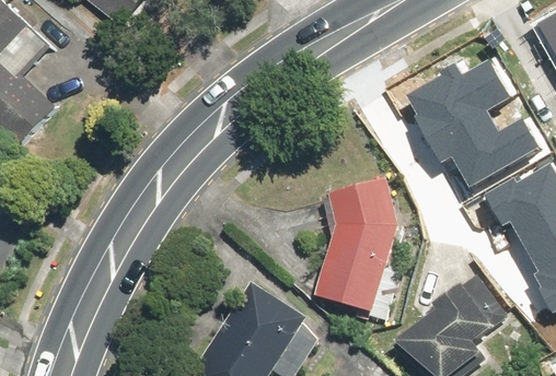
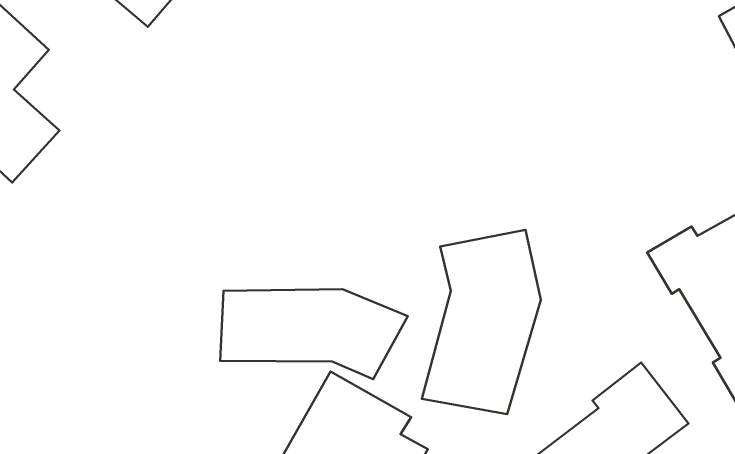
building: [402,57,533,185] -> none
building: none -> [220,289,408,379]

